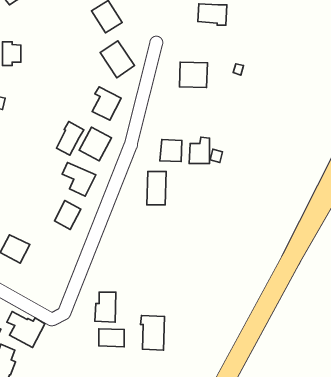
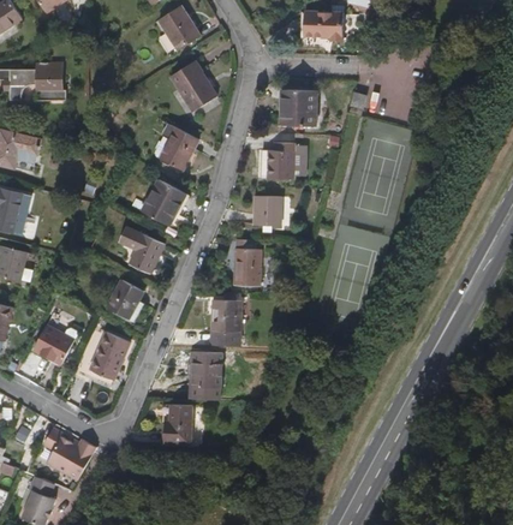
building: [57,122,84,155] -> none
building: [189,137,210,164] -> [267,142,294,178]
building: none -> [211,299,245,346]
building: none -> [90,332,130,378]
building: [141,316,164,350] -> [190,352,222,399]
building: [99,329,124,347] -> none

